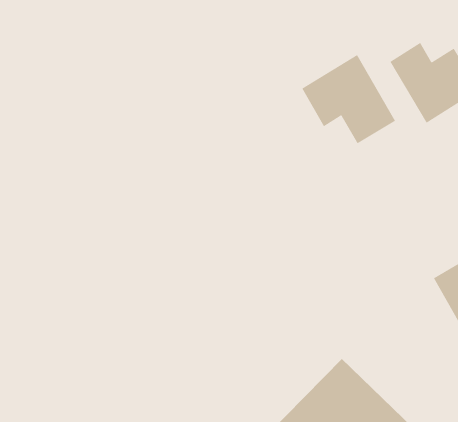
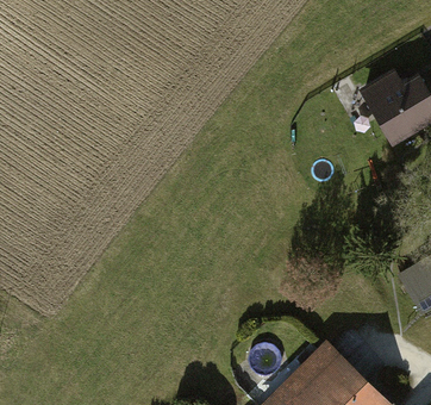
building: [301,54,396,144] -> none

